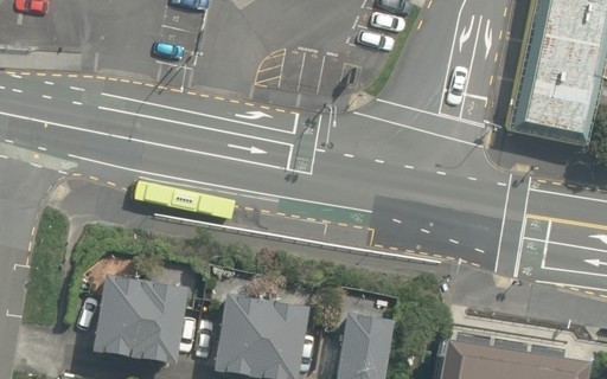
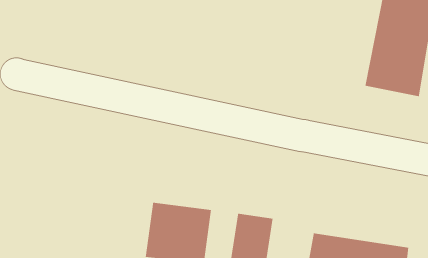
building: [89,274,183,365] -> none

